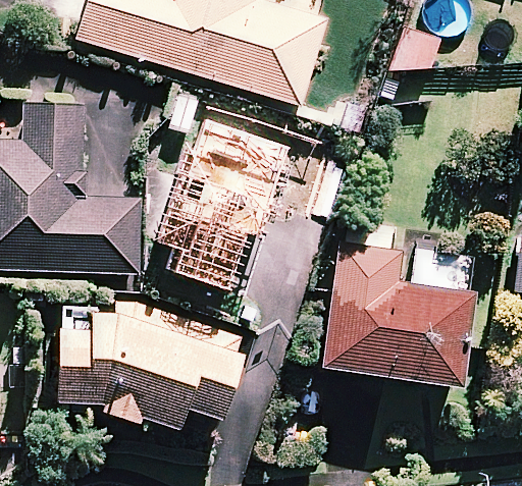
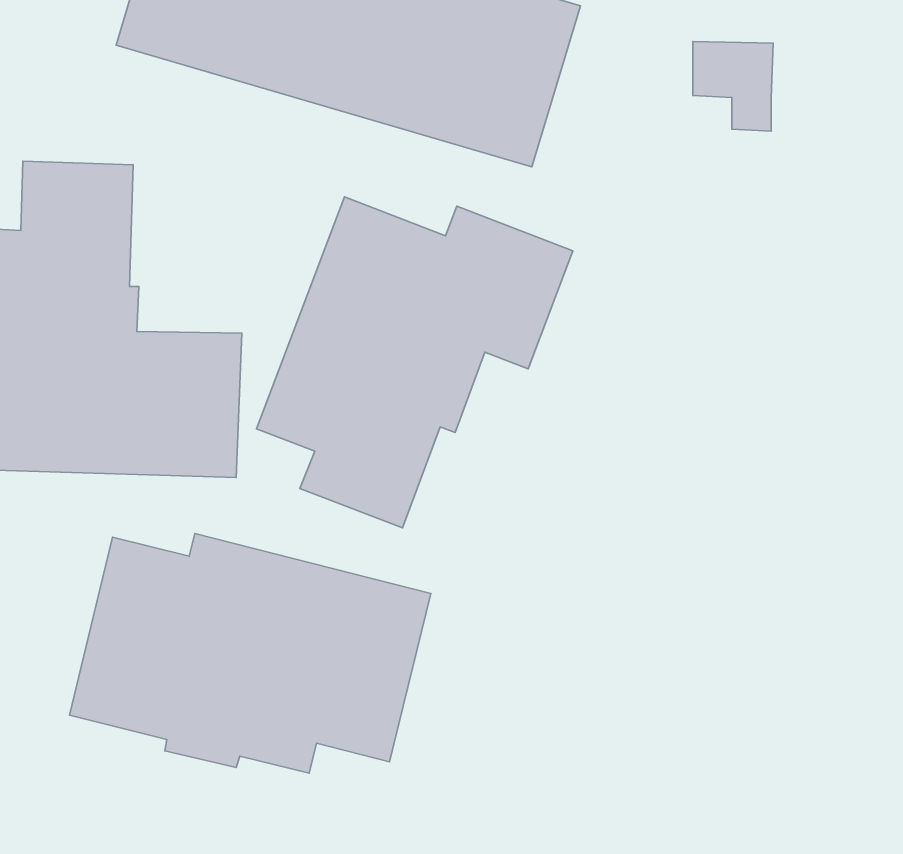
building: [320,241,475,391] -> none

